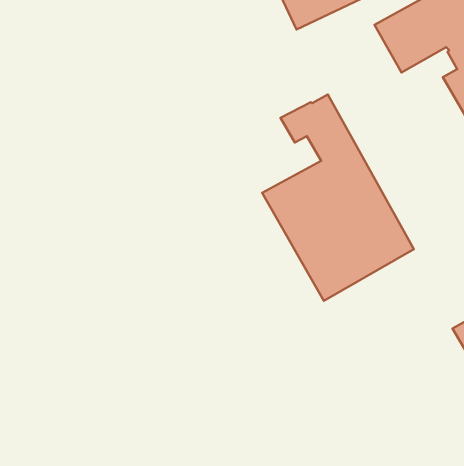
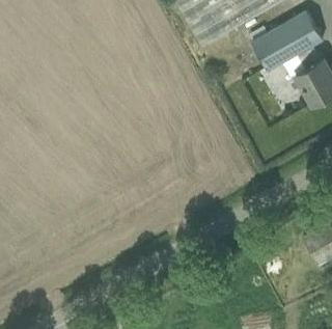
building: [262,95,414,301] -> none

